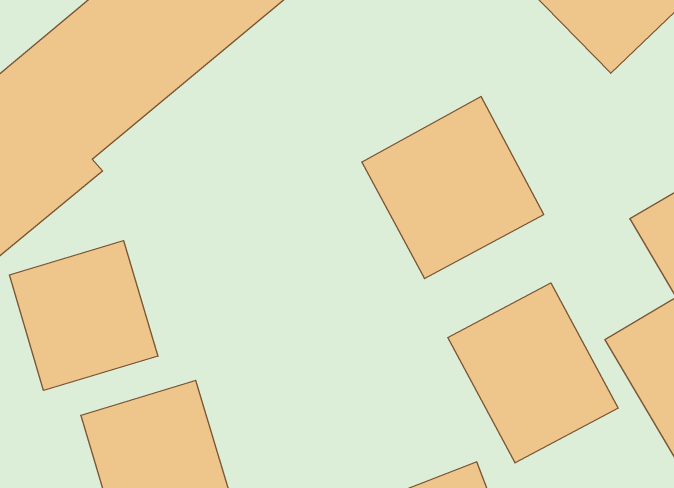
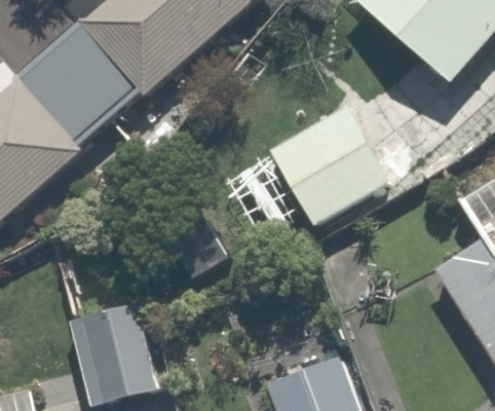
building: [9,241,158,390] -> none
building: [448,283,618,463] -> none

